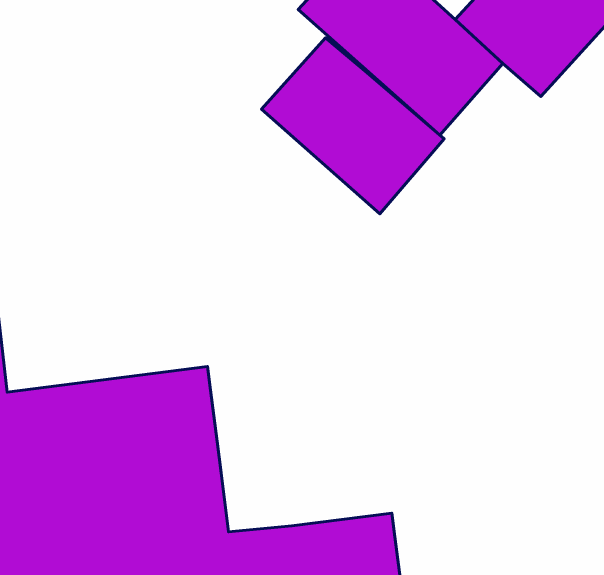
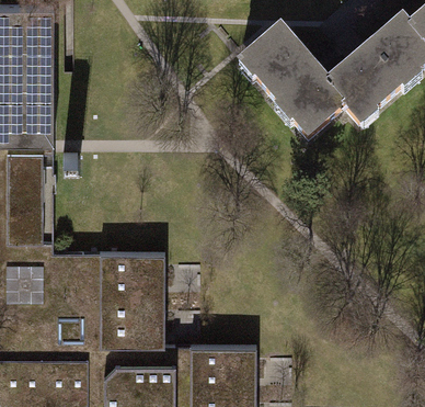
building: [262,38,444,214] -> none

